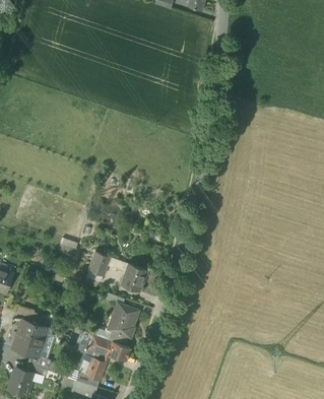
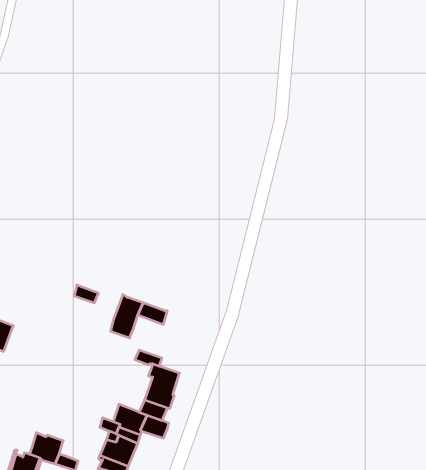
building: [122,262,147,290] -> none
building: [12,319,48,356] -> none

